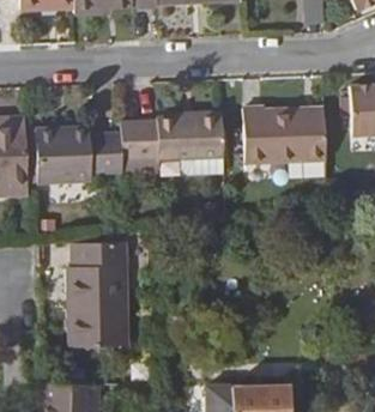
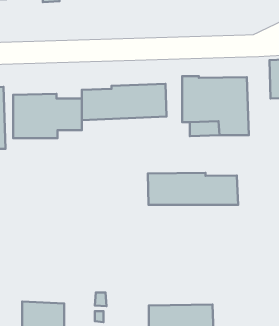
building: none -> [148,173,238,205]
building: [68,240,125,344] -> none

